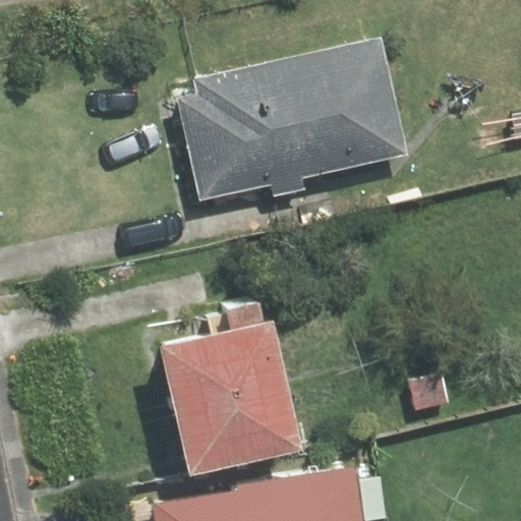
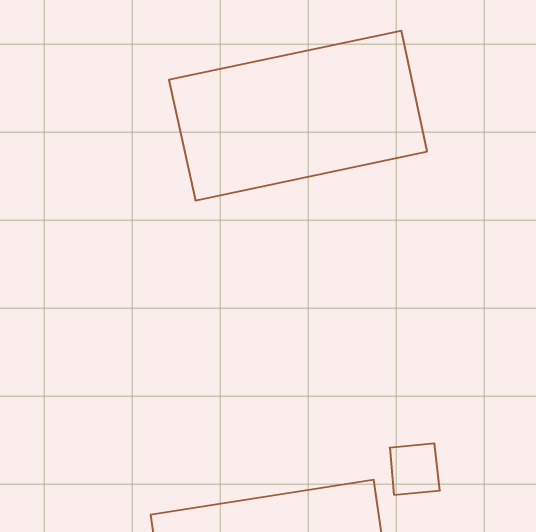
building: [157,290,307,466] -> none

